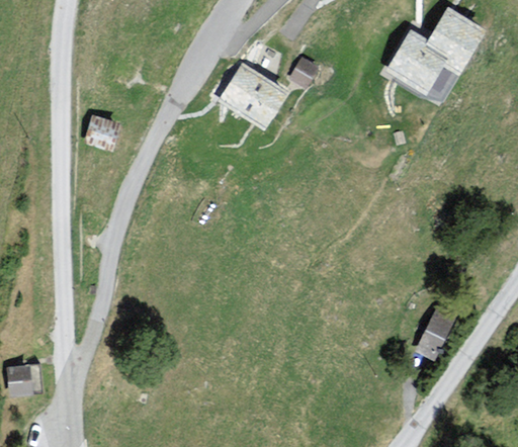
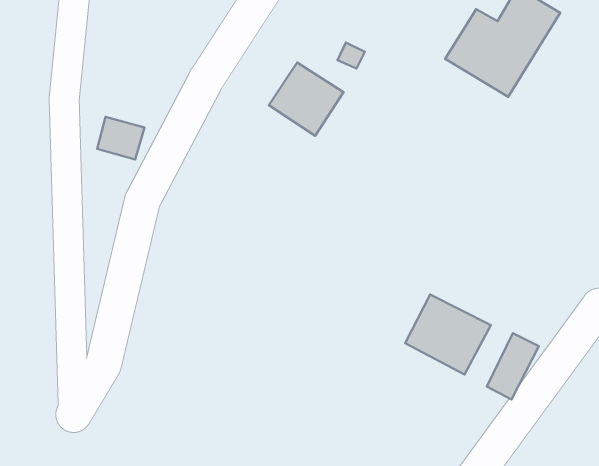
building: none -> [405,294,491,375]
building: [8,362,39,395] -> none

